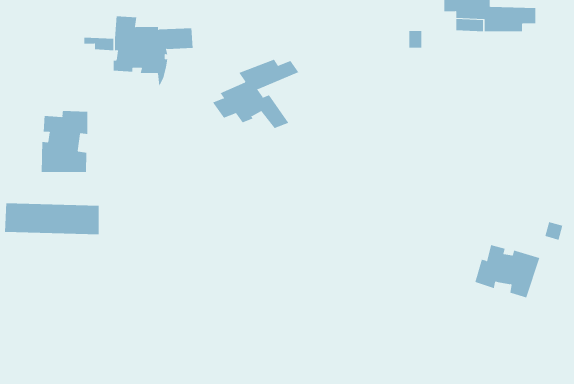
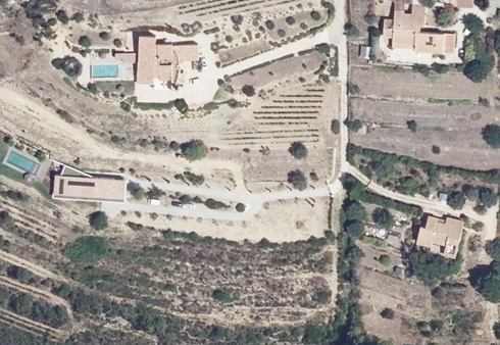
building: [212,59,299,129] -> none
building: [41,110,88,173] -> none

